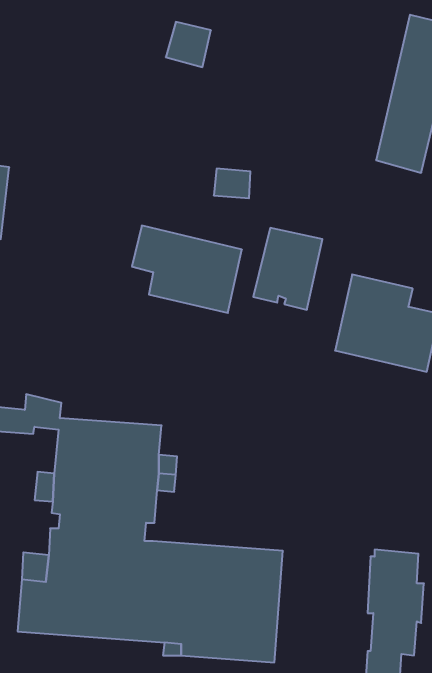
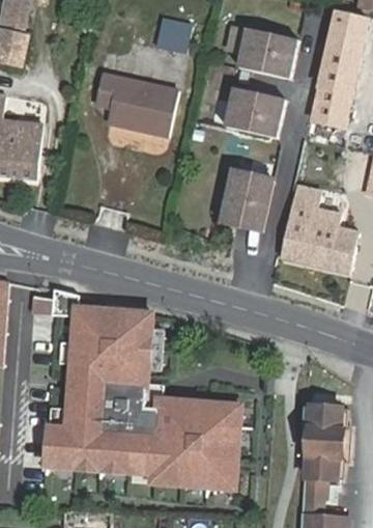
building: none -> [236,27,296,78]
building: none -> [223,86,284,136]
building: [132,226,242,313] -> [95,72,176,136]

